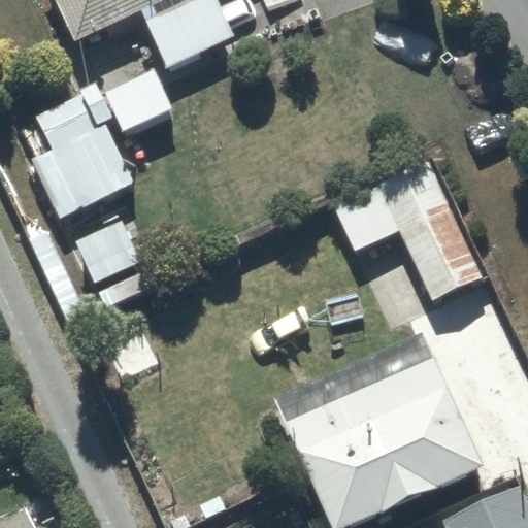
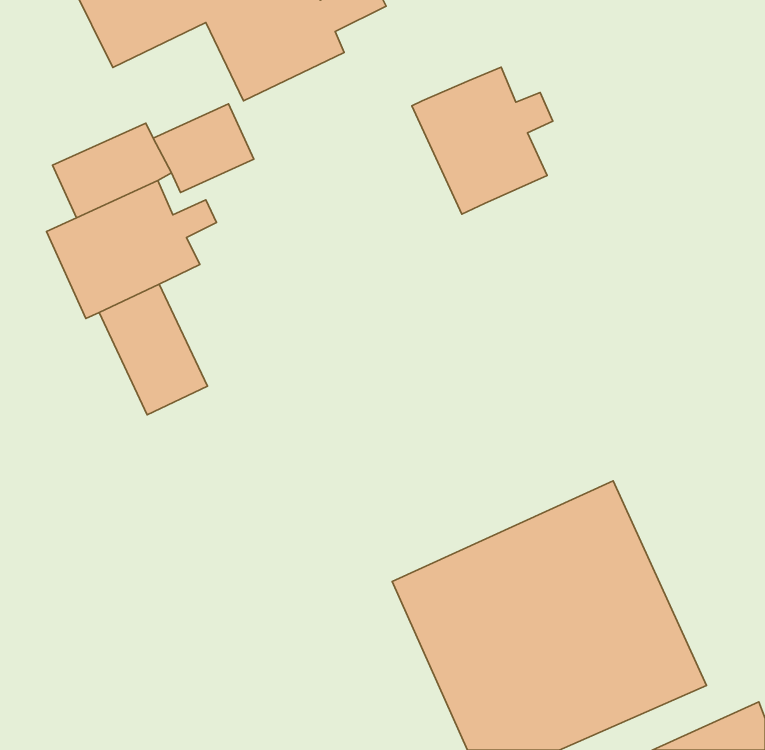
building: none -> [412,67,553,214]
building: [333,160,484,299] -> none

